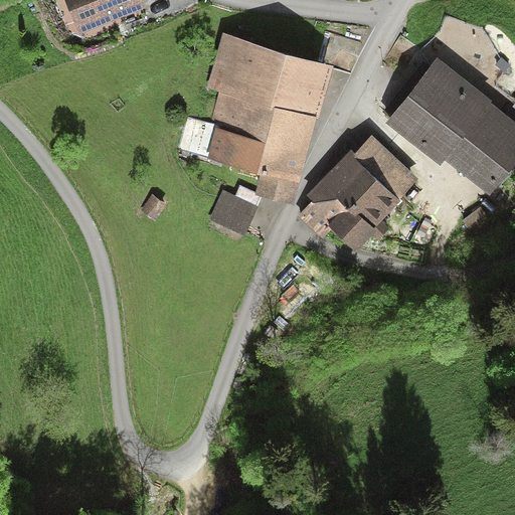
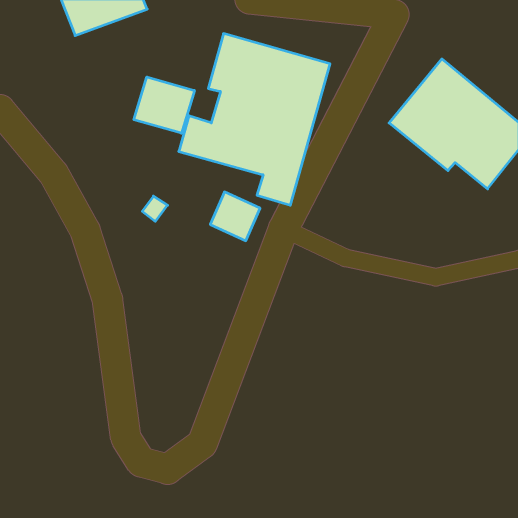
building: none -> [134,77,194,133]
building: [301,135,419,247] -> none

